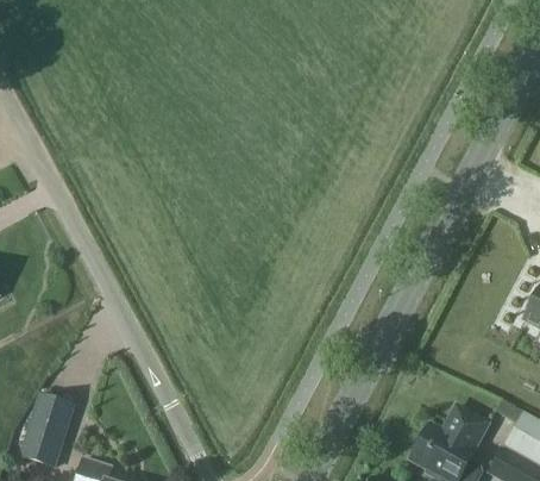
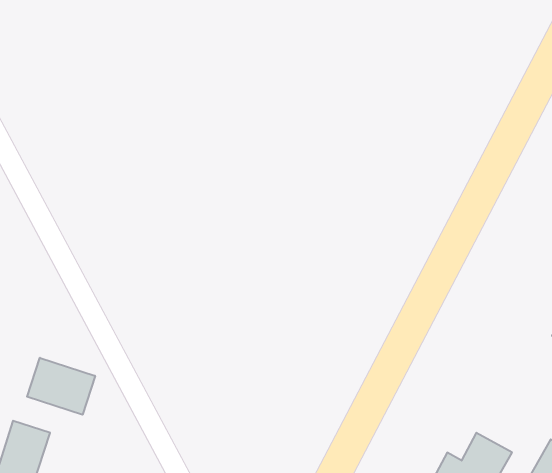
building: none -> [27,358,95,415]

